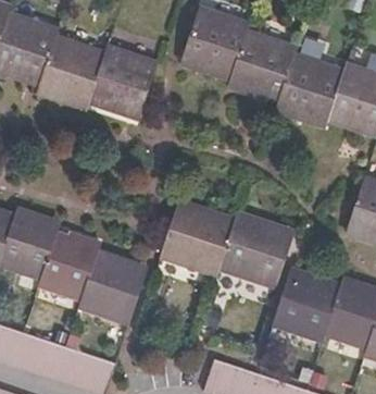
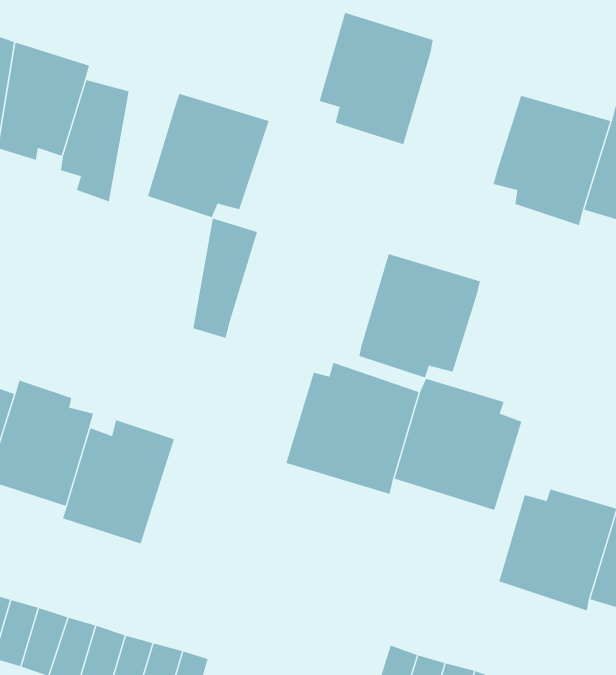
building: [226,32,293,100] -> [358,253,481,378]
building: [65,53,101,120] -> [193,218,258,338]
building: [82,251,147,325] -> none

